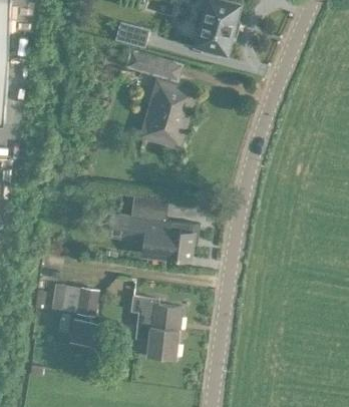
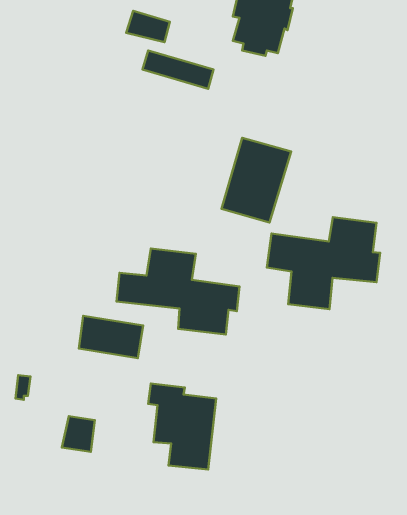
building: [141,82,193,144] -> [222,138,291,222]
building: none -> [267,217,380,309]
building: [49,283,96,314] -> [79,316,143,358]

